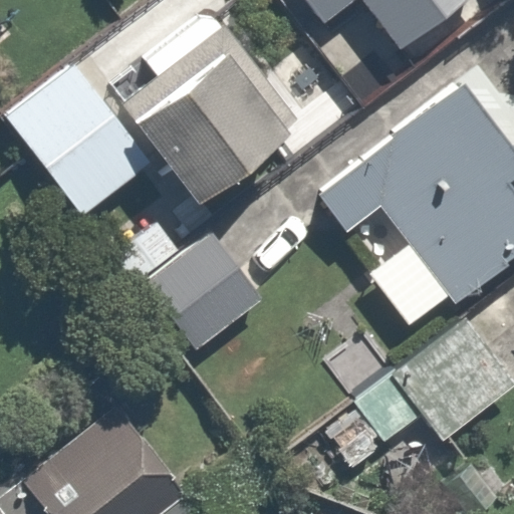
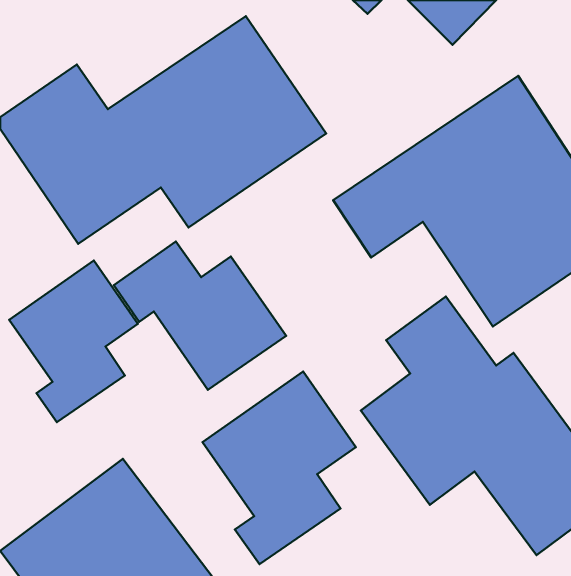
building: none -> [9,260,138,422]
building: none -> [202,372,356,564]

